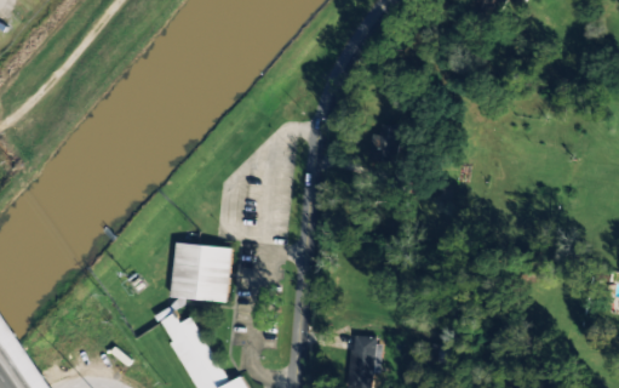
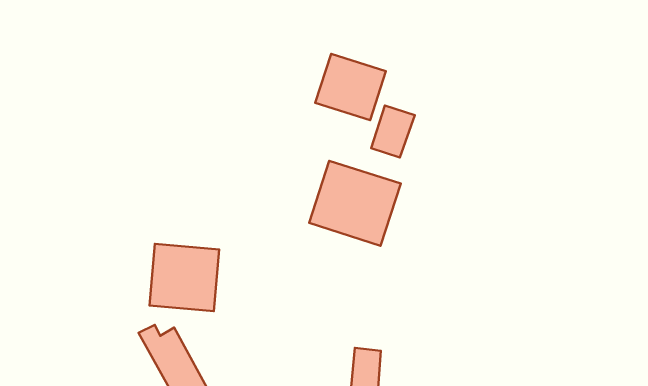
building: none -> [315,54,386,120]
building: none -> [309,161,401,246]

